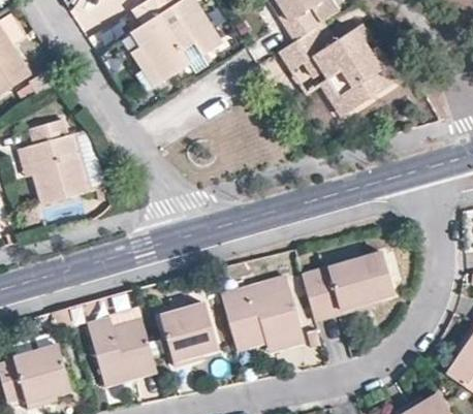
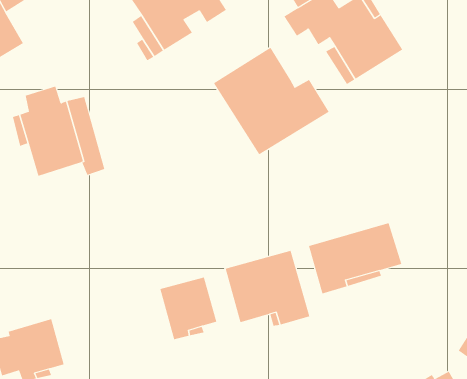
building: none -> [213,47,329,155]
building: [86,318,155,384] -> none

